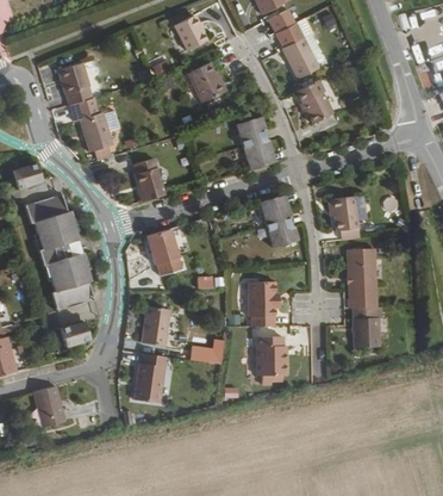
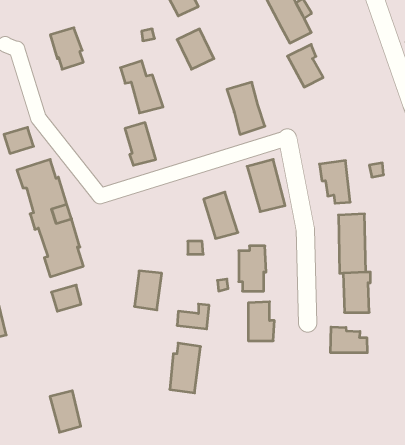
building: [70,97,113,149] -> [120,61,163,113]
building: [146,229,181,275] -> [204,192,238,238]
building: [136,354,167,404] -> [170,343,201,393]
building: none -> [331,327,367,353]
building: [32,385,63,427] -> [50,391,81,432]

